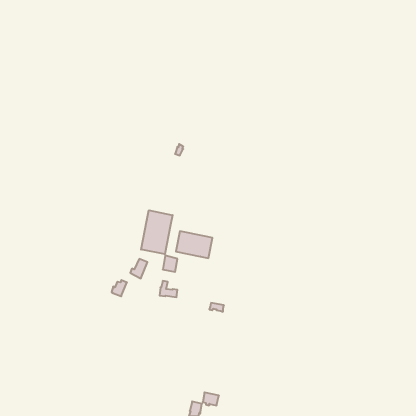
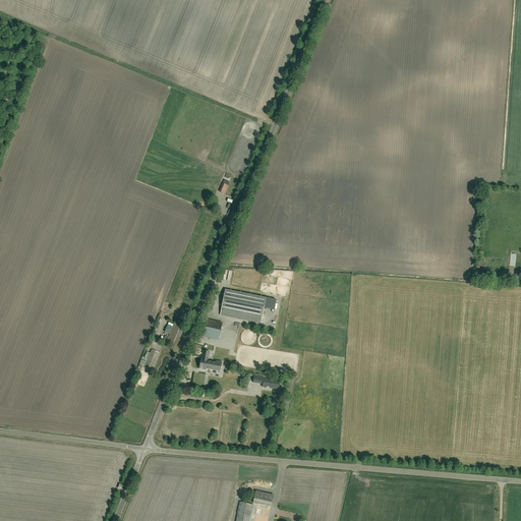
building: [141,210,173,254] -> none

